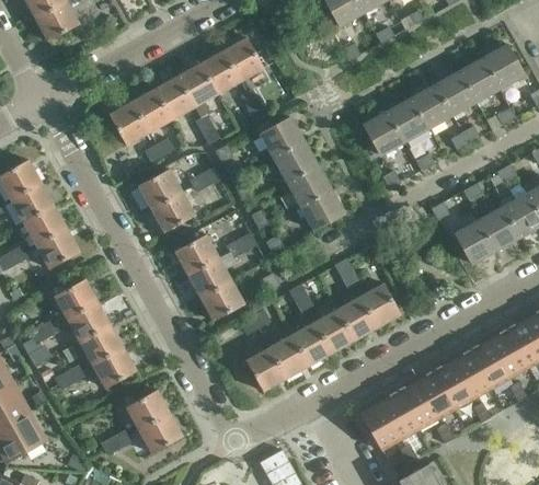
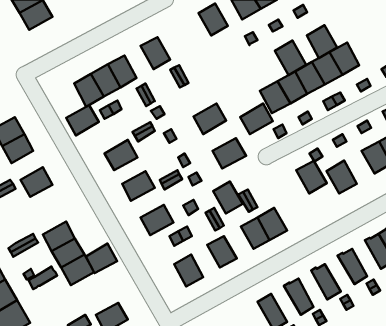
building: [222,38,263,82] -> [198,3,228,36]
building: [482,45,524,90] -> [307,25,337,58]
building: none -> [275,41,306,75]
building: [177,63,217,107] -> none
building: [257,117,303,160] -> none
building: [285,165,330,207] -> [240,104,273,134]
building: [137,169,182,210] -> [66,105,99,136]
building: [23,207,66,246] -> none
building: [478,207,519,252] -> [296,161,327,194]
building: [186,257,231,298] -> none
building: [53,279,98,321] -> none
building: [313,310,354,354] -> [213,181,243,214]
building: [489,328,528,378] -> none
building: [268,335,308,379] -> none
building: [451,349,492,399] -> none
building: [415,370,455,419] -> none
building: [126,390,169,430] -> [86,244,117,273]
building: [378,391,418,440] -> none

